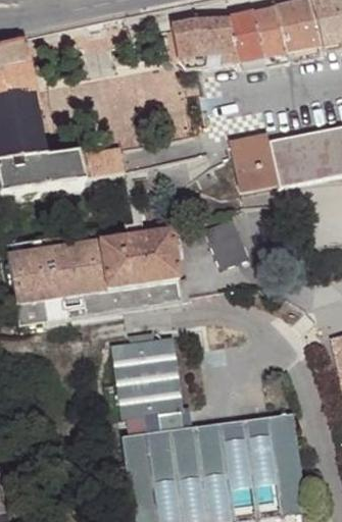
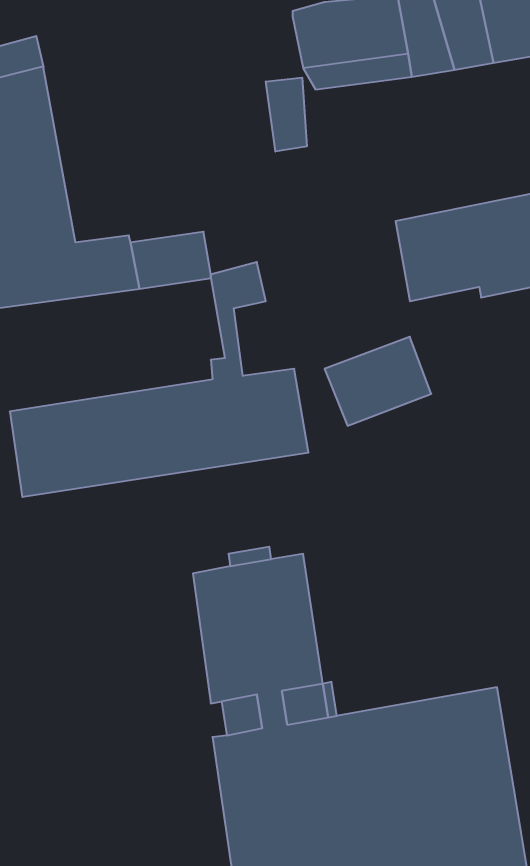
building: none -> [266,78,307,152]

